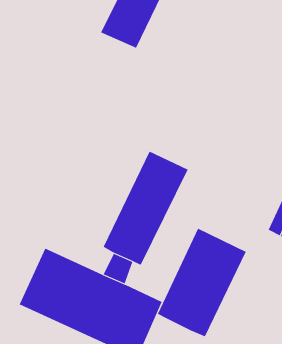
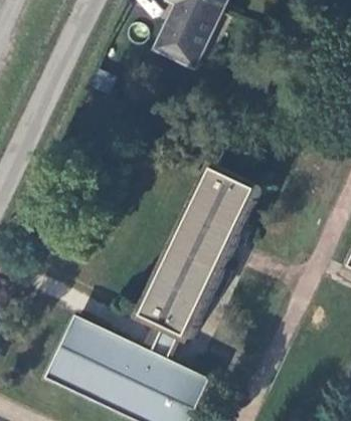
building: none -> [198,159,262,222]
building: [157,228,247,337] -> none

